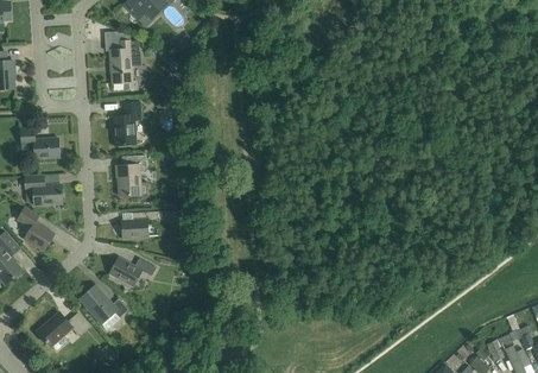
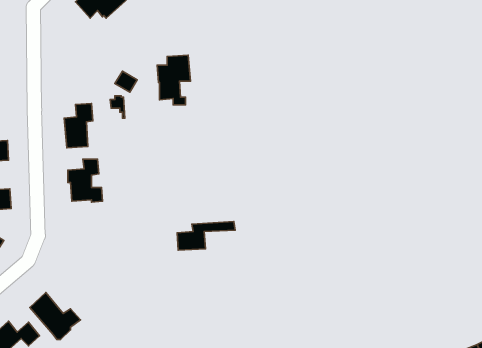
building: [109,40,141,88] -> [157,55,191,105]
building: [121,210,177,238] -> [177,222,235,250]
building: [109,258,156,285] -> none

